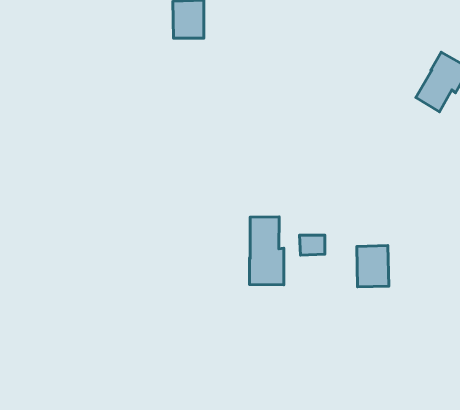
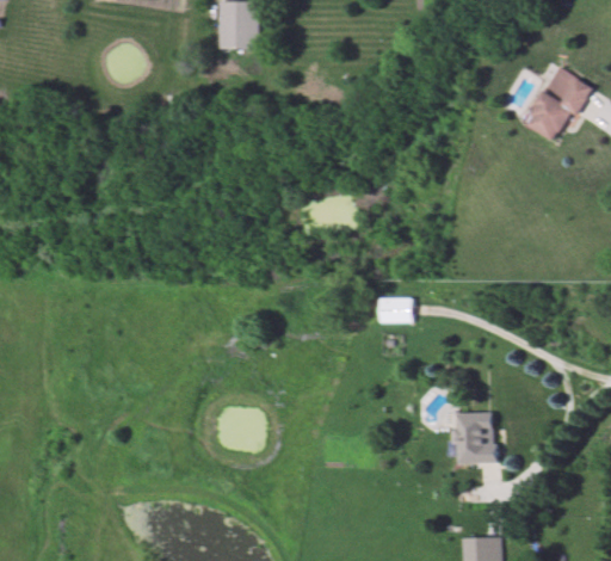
building: [249,217,284,285] -> none
building: [357,245,389,287] -> [455,412,495,464]

